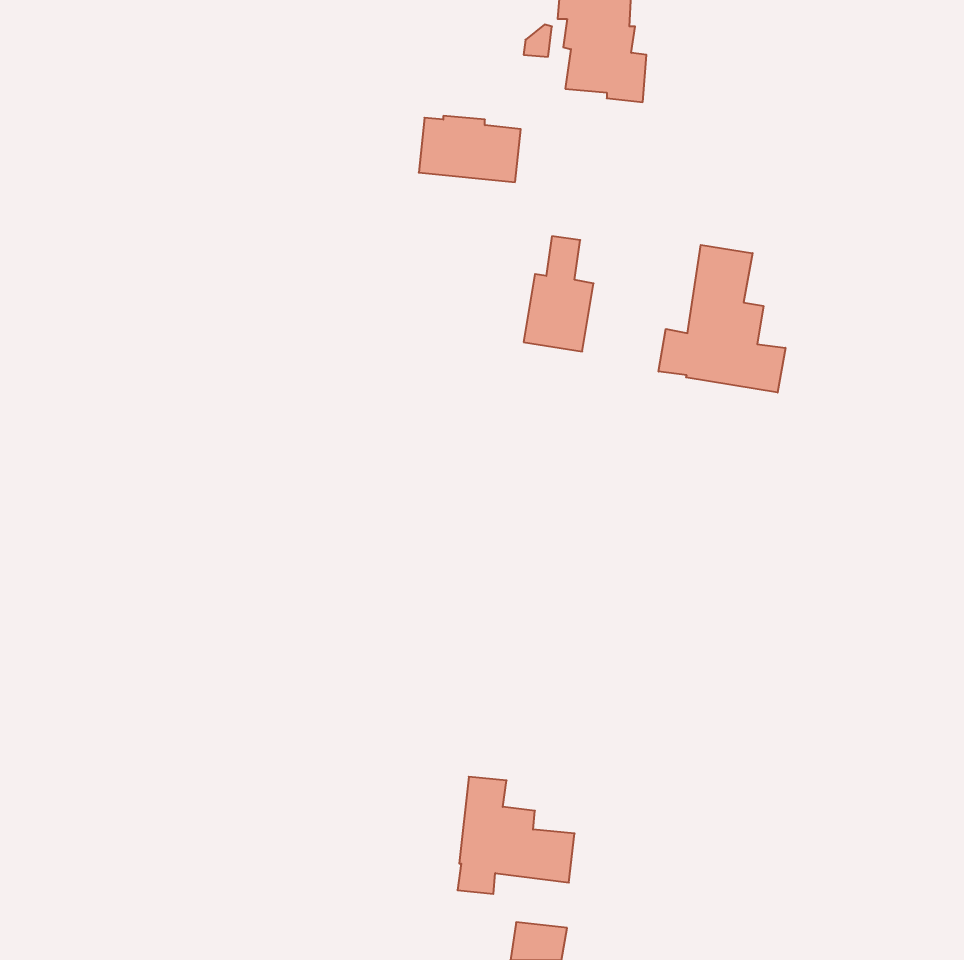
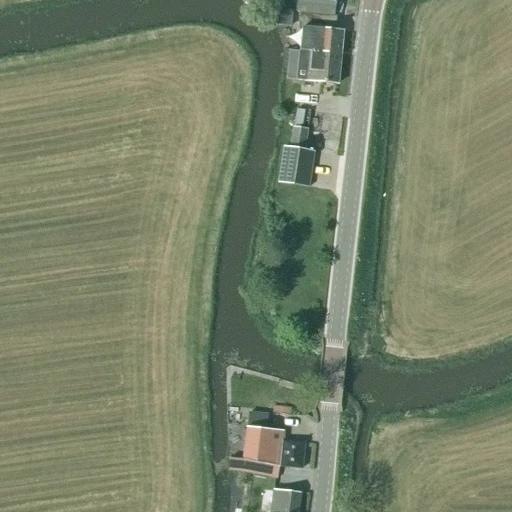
building: [419,116,521,182] -> [287,47,341,82]
building: [659,245,785,393] -> none

